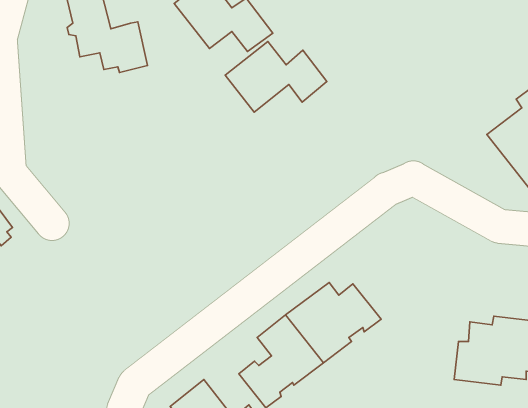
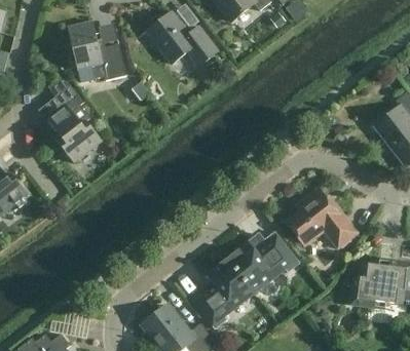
building: [225,42,327,112] -> none
building: none -> [47,87,102,163]
building: none -> [284,188,358,248]

